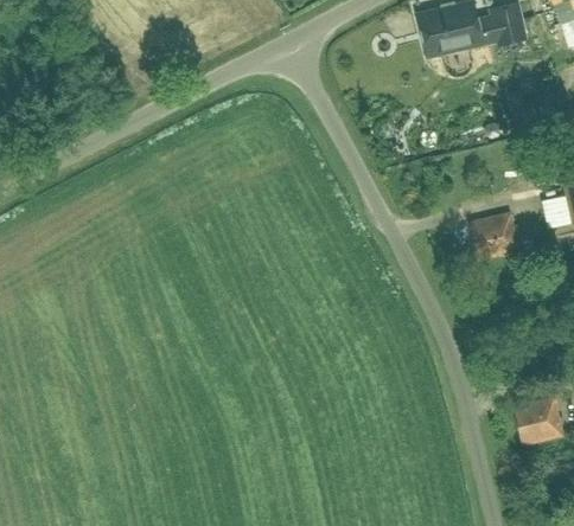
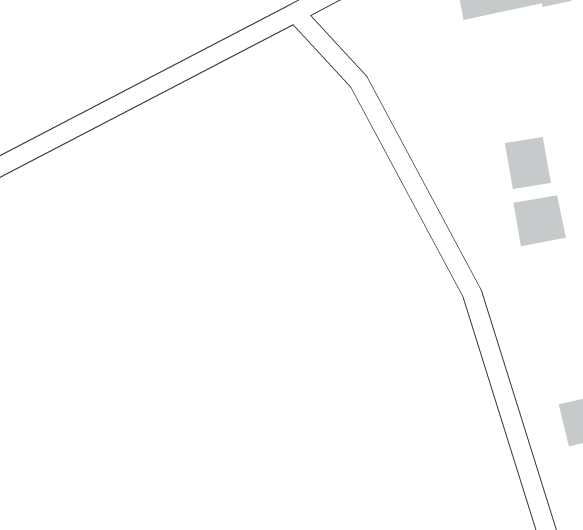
building: none -> [504,136,552,190]

